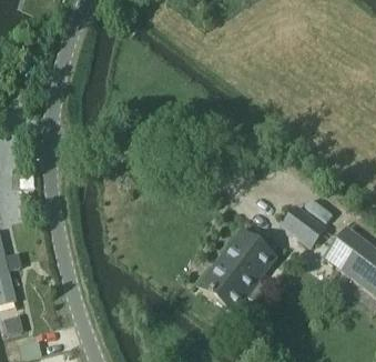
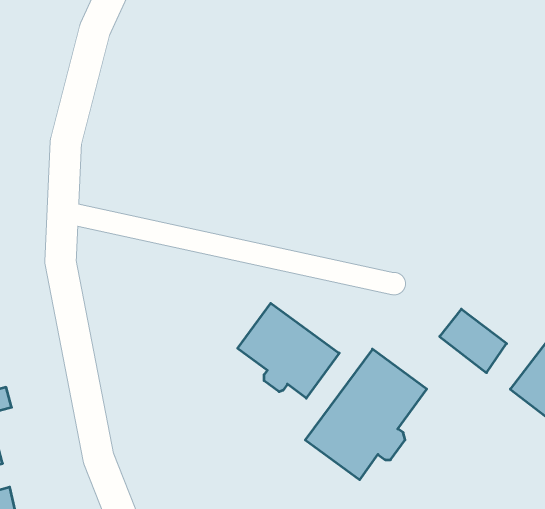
building: none -> [238,303,339,398]

